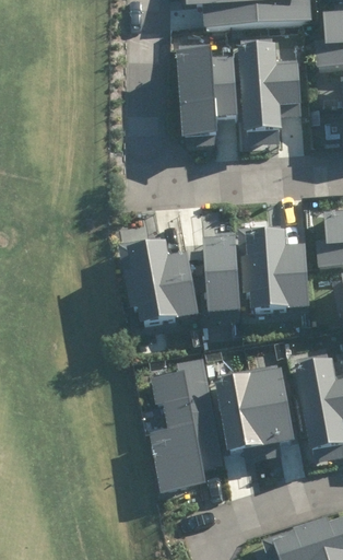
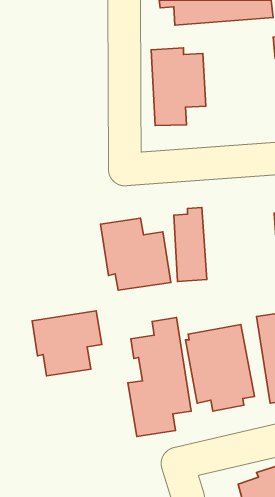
building: [240,48,303,137] -> none
building: [241,228,310,312] -> none
building: none -> [32,311,102,376]

